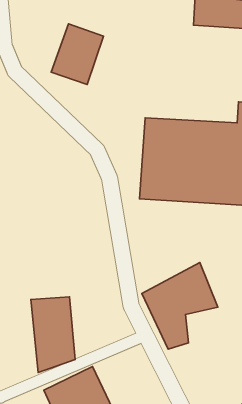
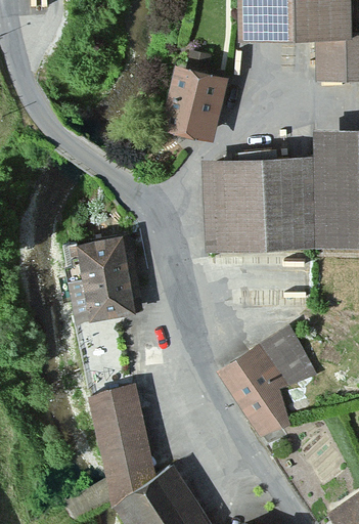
building: [51,24,104,85] -> [161,66,219,136]
building: none -> [69,232,139,319]

